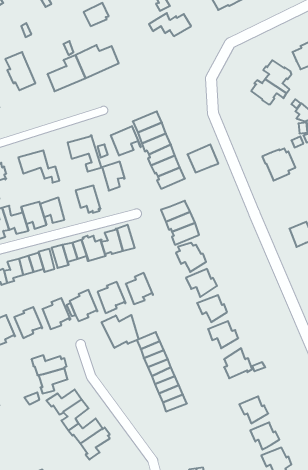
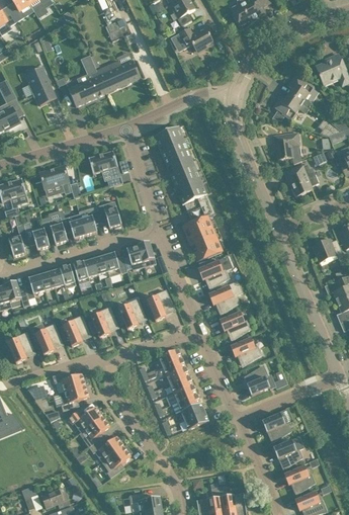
building: none -> [273,132,301,164]
building: [111,126,141,156] -> none
building: [187,144,218,172] -> [183,194,214,223]
building: [102,162,125,191] -> [78,206,101,236]
building: [102,315,139,348] -> none

